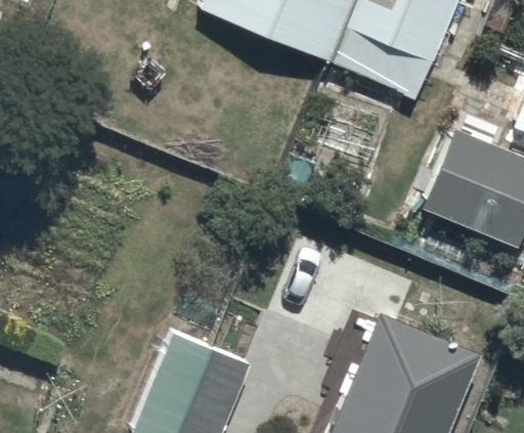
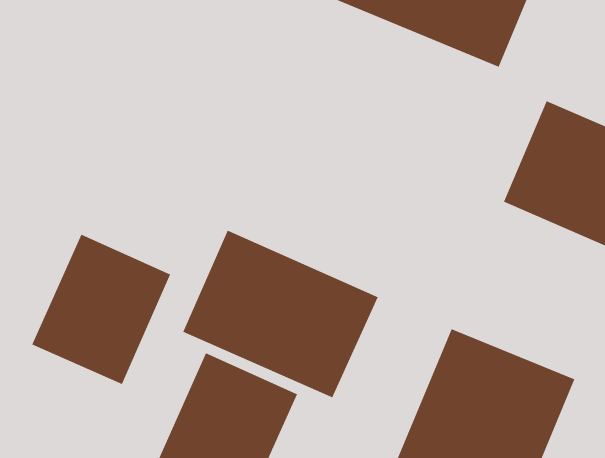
building: none -> [183,230,379,398]
building: none -> [32,234,171,385]

